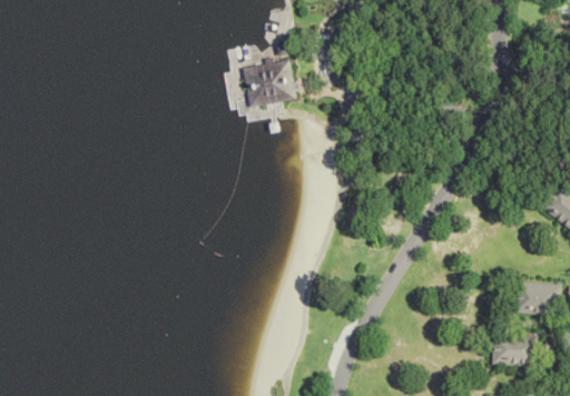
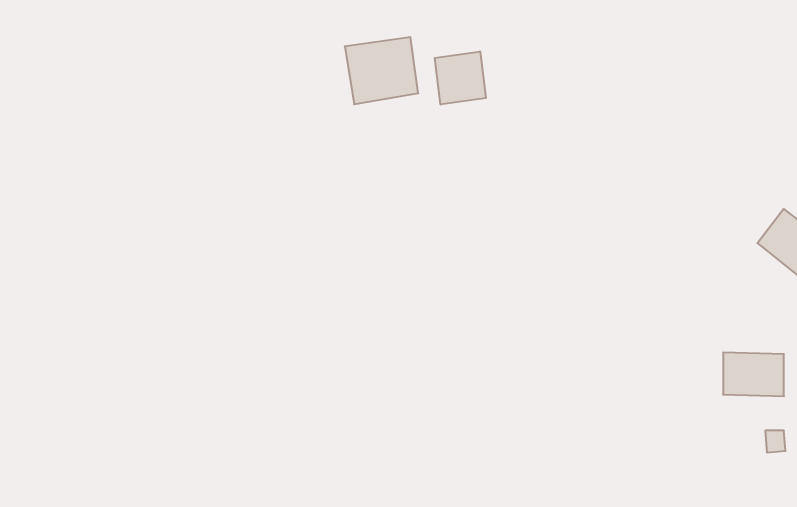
building: none -> [435,51,486,105]
building: [491,334,533,366] -> none

